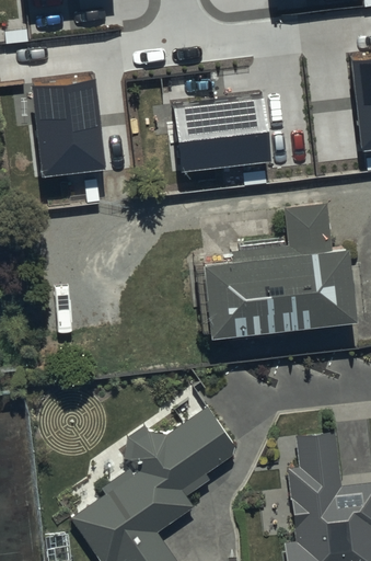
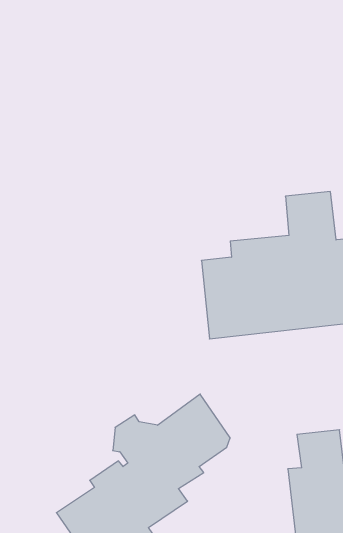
building: [31,73,106,176] -> none
building: [175,98,269,171] -> none

